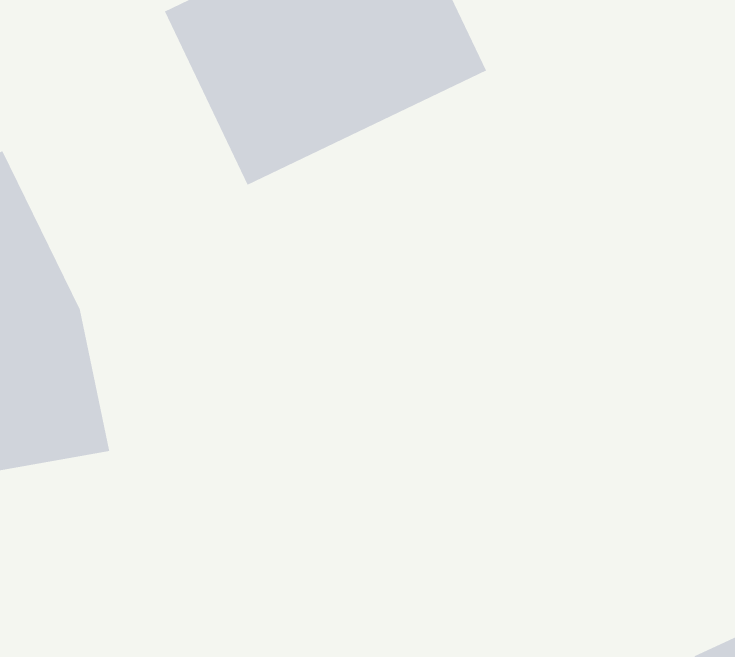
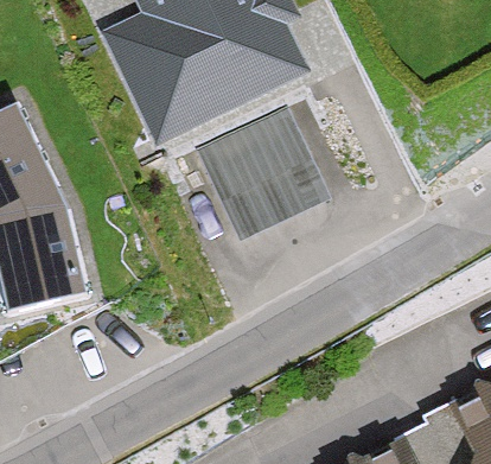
building: none -> [198,98,334,231]

